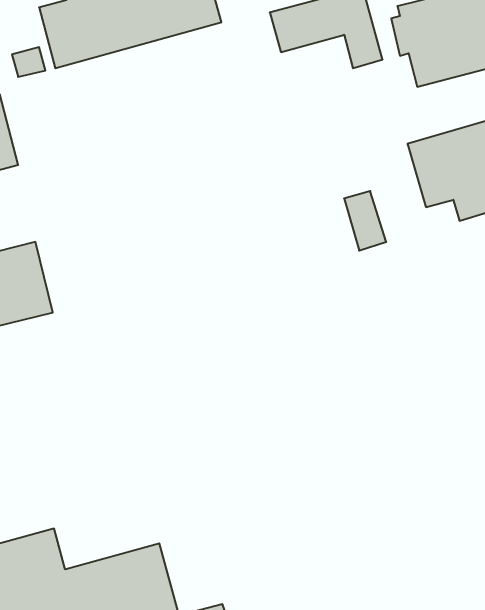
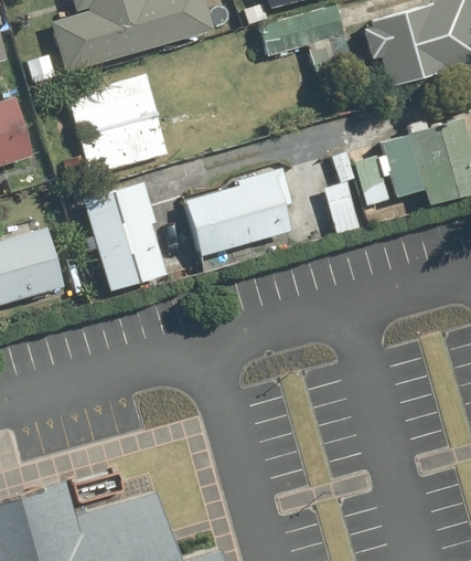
building: none -> [69,72,168,176]
building: none -> [184,168,292,274]
building: none -> [82,181,169,293]

